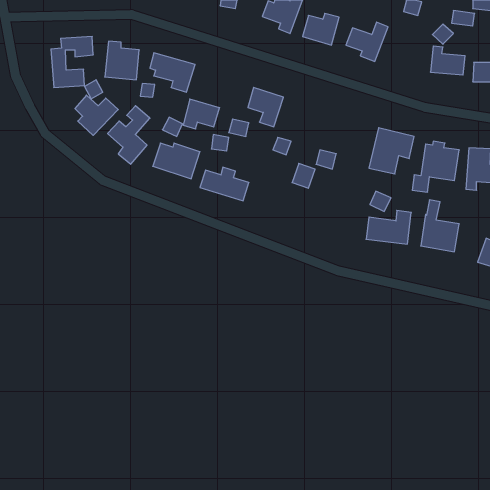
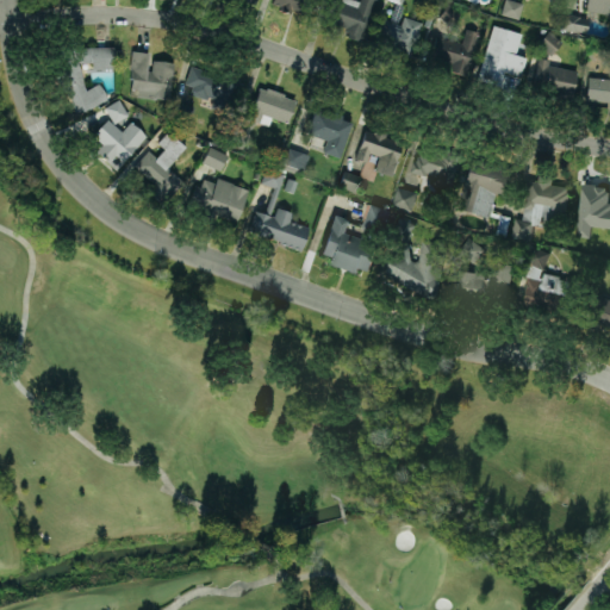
building: none -> [479,26,527,87]
building: [183,99,220,129] -> [251,88,297,125]
building: none -> [356,130,404,176]
building: none -> [413,145,460,186]
building: none -> [320,216,379,272]
building: none -> [386,218,446,297]

